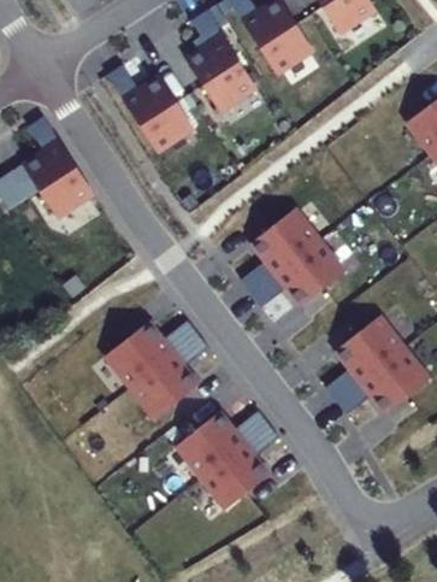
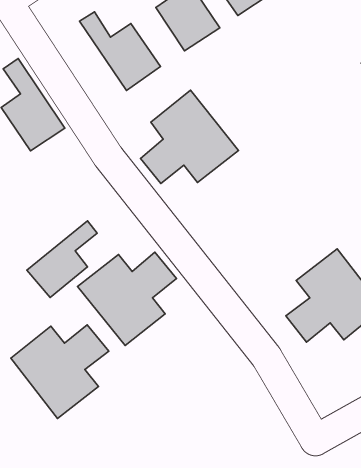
building: [242,208,346,307] -> [140,90,238,184]
building: none -> [27,221,97,298]
building: [177,411,280,510] -> [11,325,109,418]

